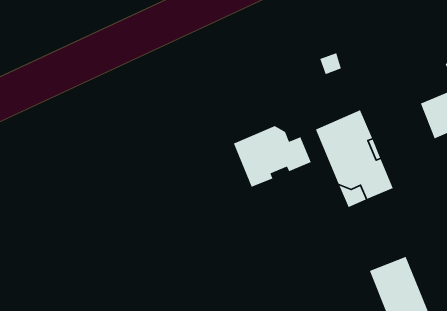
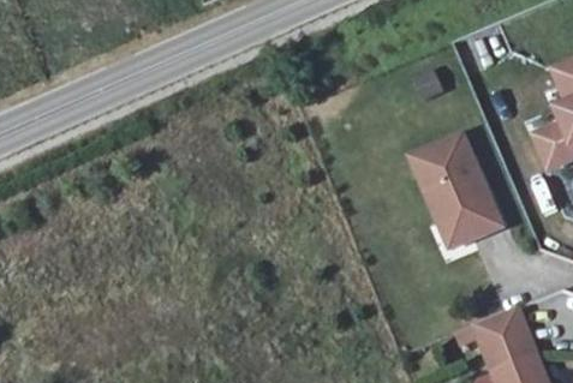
building: [233,125,312,188] -> none

